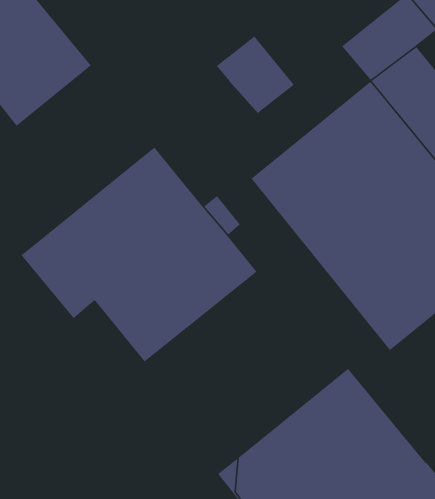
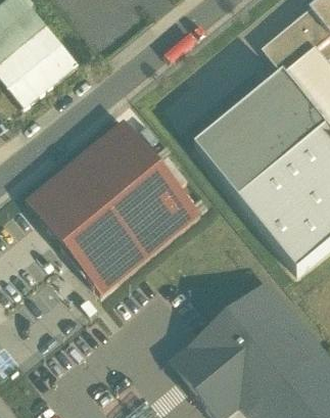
building: [216,35,295,114] -> none
building: none -> [64,232,116,290]

